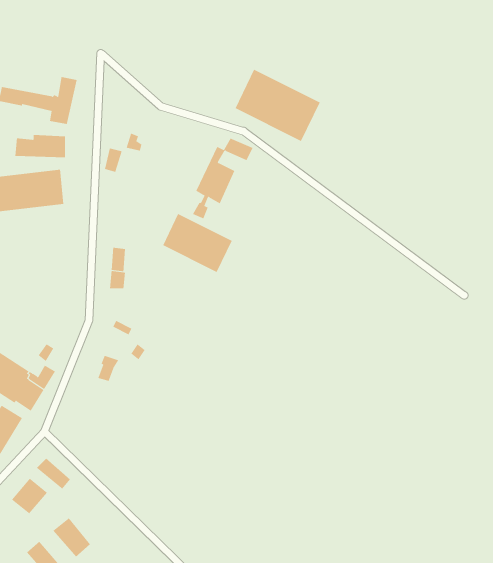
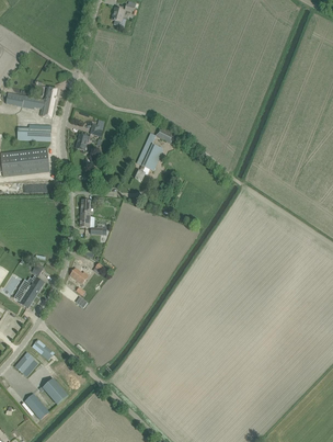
building: [235,69,320,142] -> none
building: [162,213,233,273] -> none

